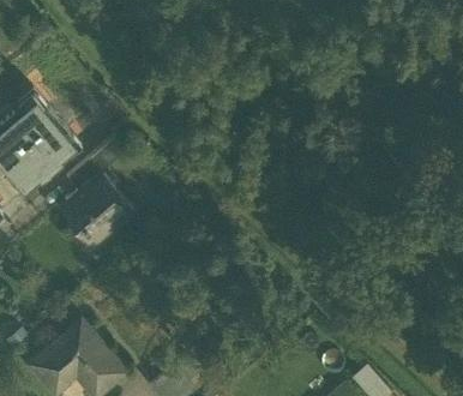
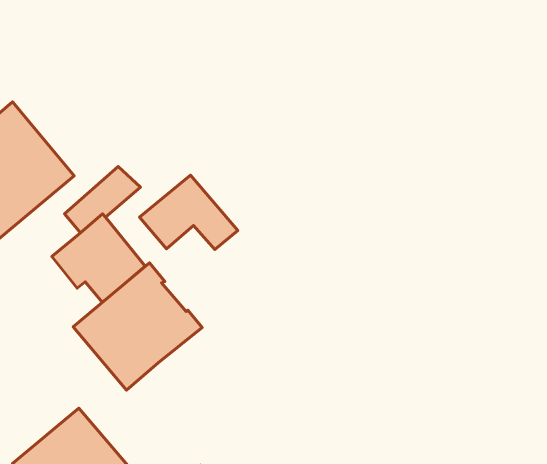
building: none -> [140,175,238,250]
building: none -> [73,263,202,390]

